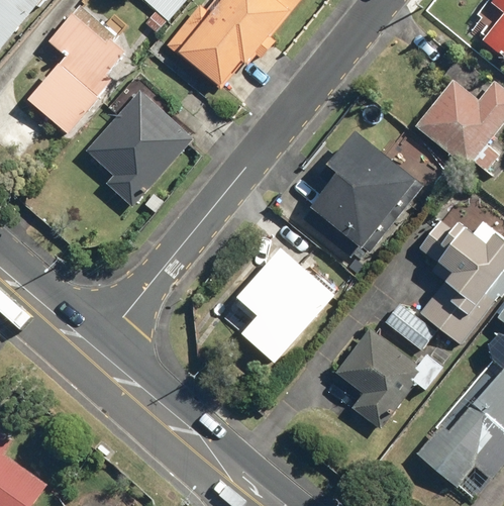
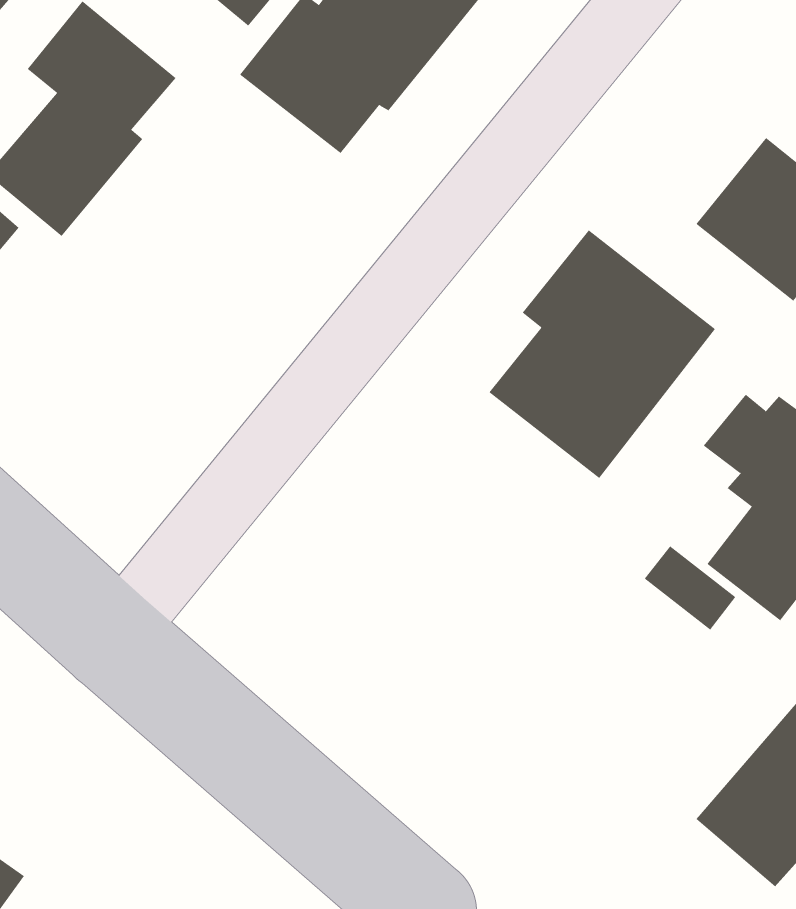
building: [85,89,195,207] -> none
building: [233,245,335,365] -> none
building: [334,326,427,429] -> none

